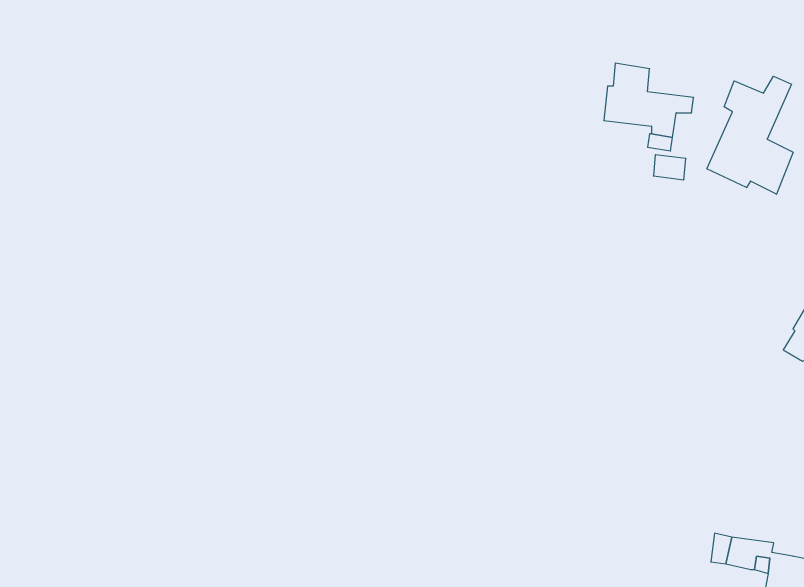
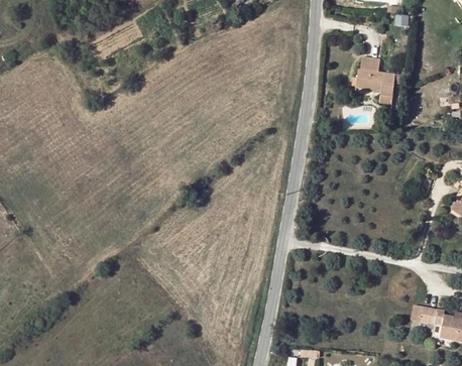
building: [707,76,793,194] -> none

